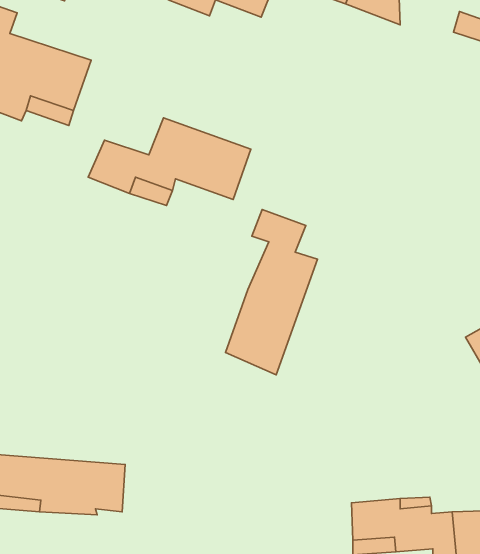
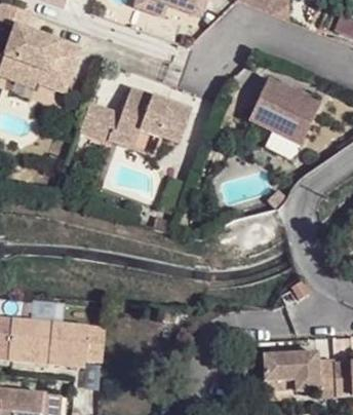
building: none -> [247,77,320,145]
building: [225,210,317,375] -> none

